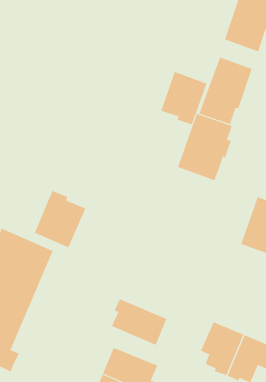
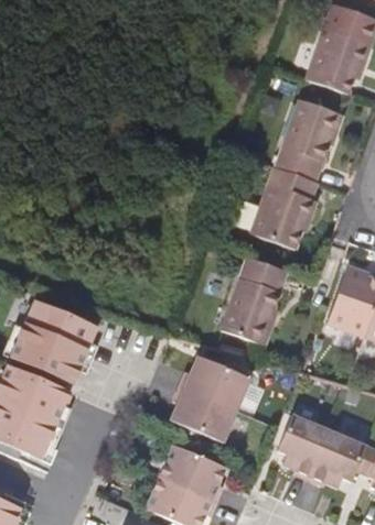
building: [160,71,207,125] -> none
building: none -> [224,255,288,343]
building: [34,190,86,248] -> none
building: none -> [180,357,250,412]

